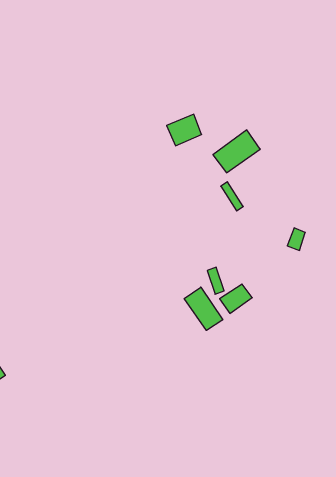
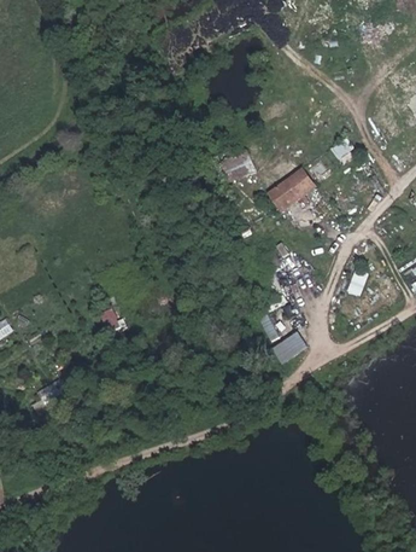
building: [184,287,223,330] -> none

